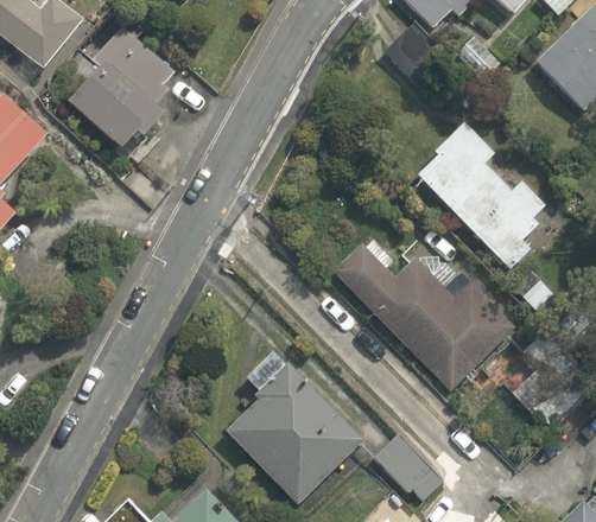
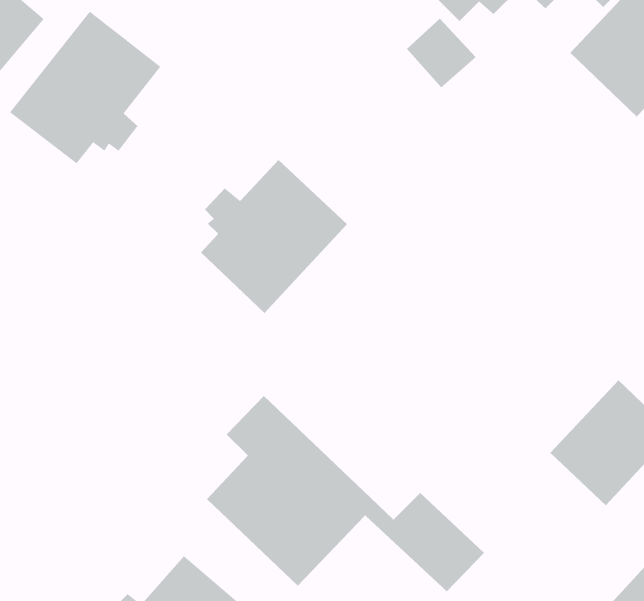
building: [406,113,544,269] -> none
building: none -> [200,159,348,314]
building: [323,238,518,392] -> none

